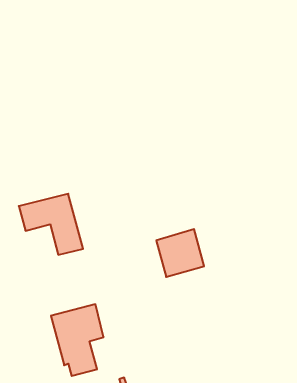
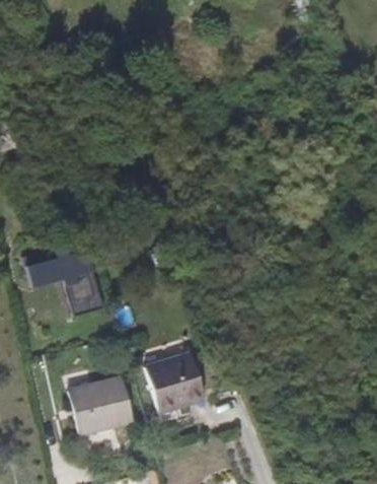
building: [156,229,204,277] -> [147,351,206,410]

